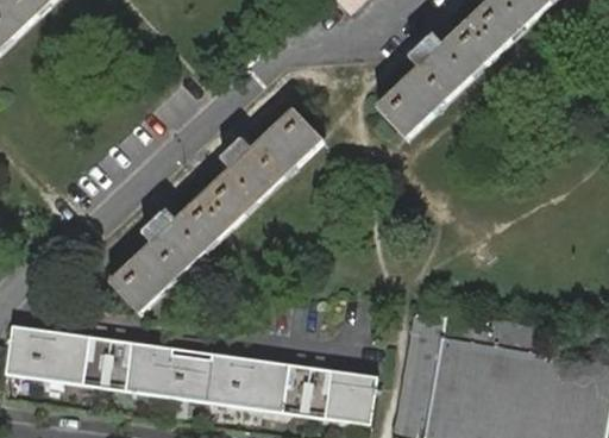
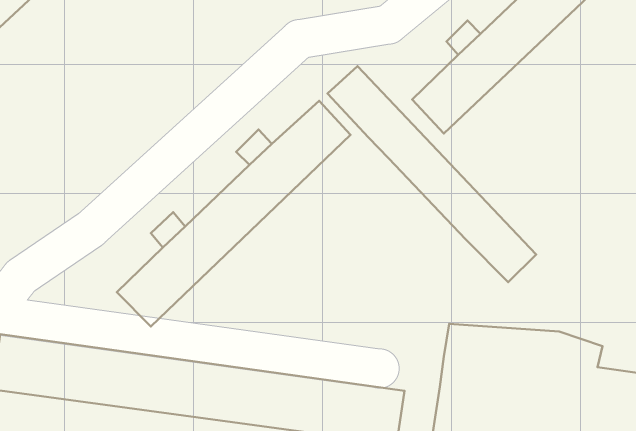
building: none -> [327,66,536,282]

